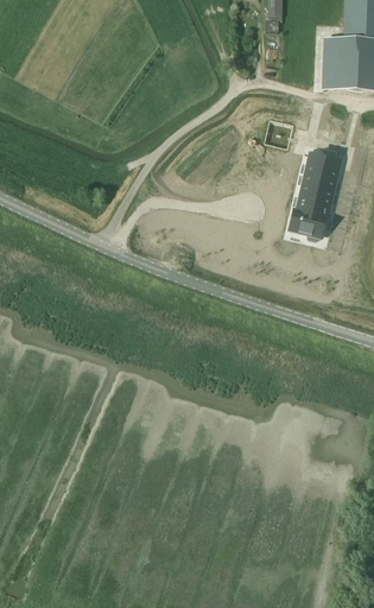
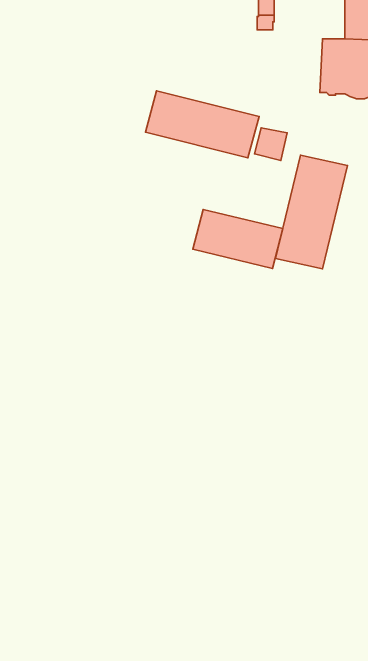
building: none -> [146,91,259,158]
building: none -> [193,209,283,268]

